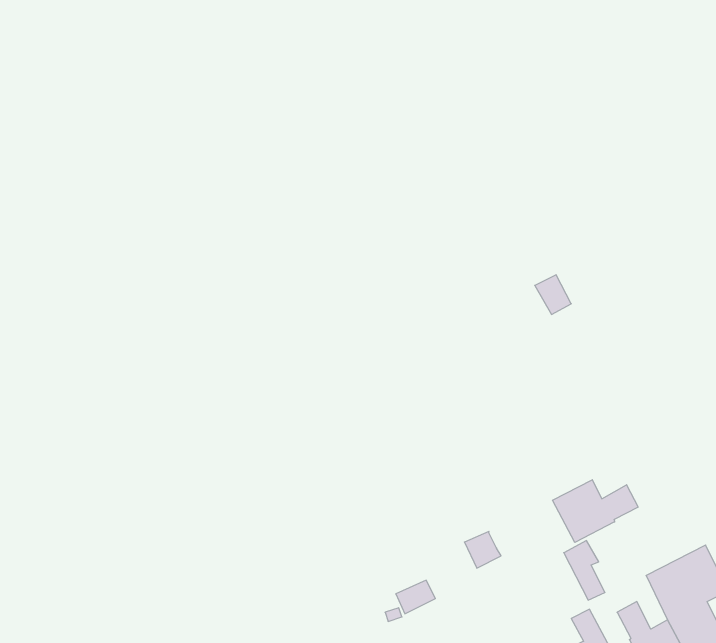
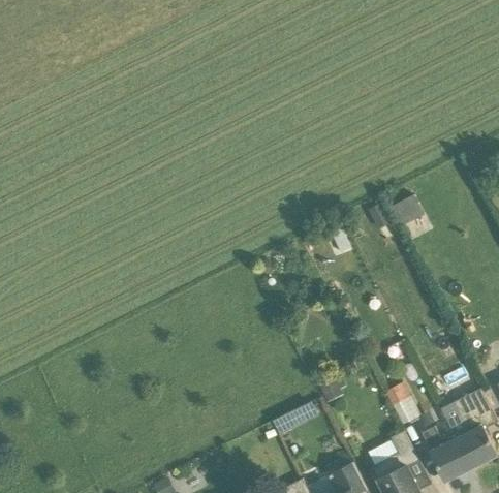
building: none -> [388,197,424,229]
building: [553,480,638,542] -> none

